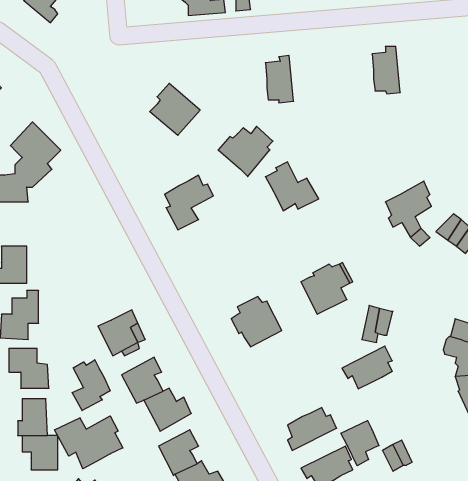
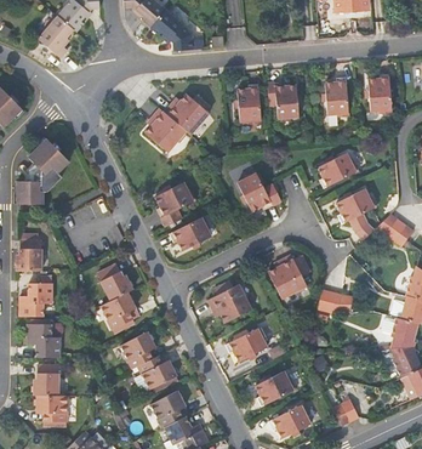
building: none -> [369,72,392,110]
building: none -> [267,80,298,119]
building: [218,126,273,177] -> [166,92,211,133]
building: none -> [318,152,358,187]
building: none -> [170,215,211,250]
building: none -> [97,263,133,300]
building: [342,346,392,389] -> [226,325,267,360]
building: [72,360,110,411] -> none
building: [55,416,123,469] -> none
building: [341,421,379,466] -> none

